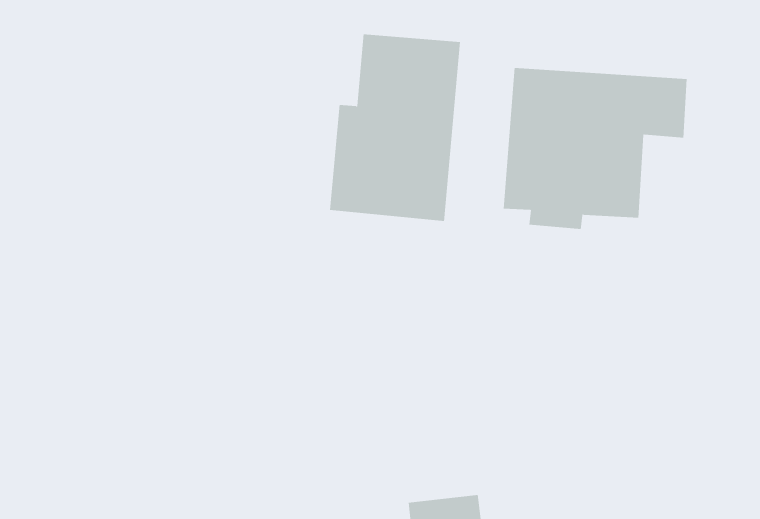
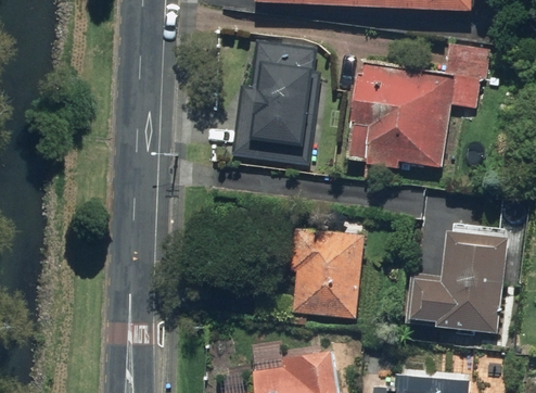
building: none -> [290,231,362,315]
building: none -> [416,237,500,332]

